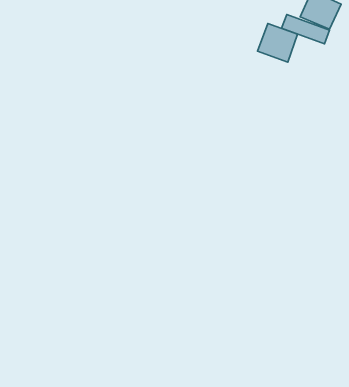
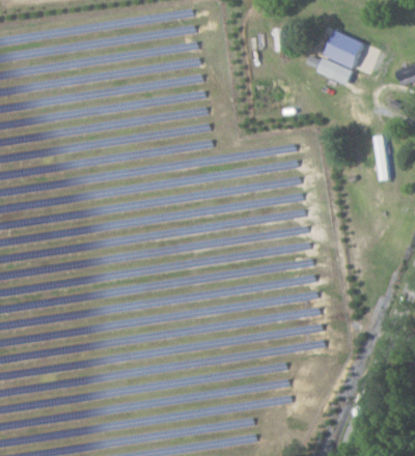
building: [257,24,297,62] -> none

